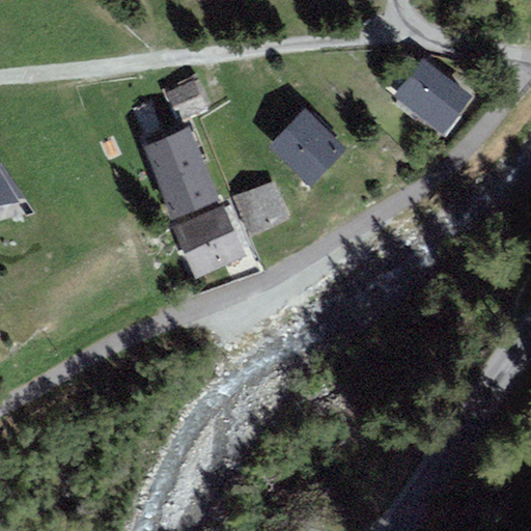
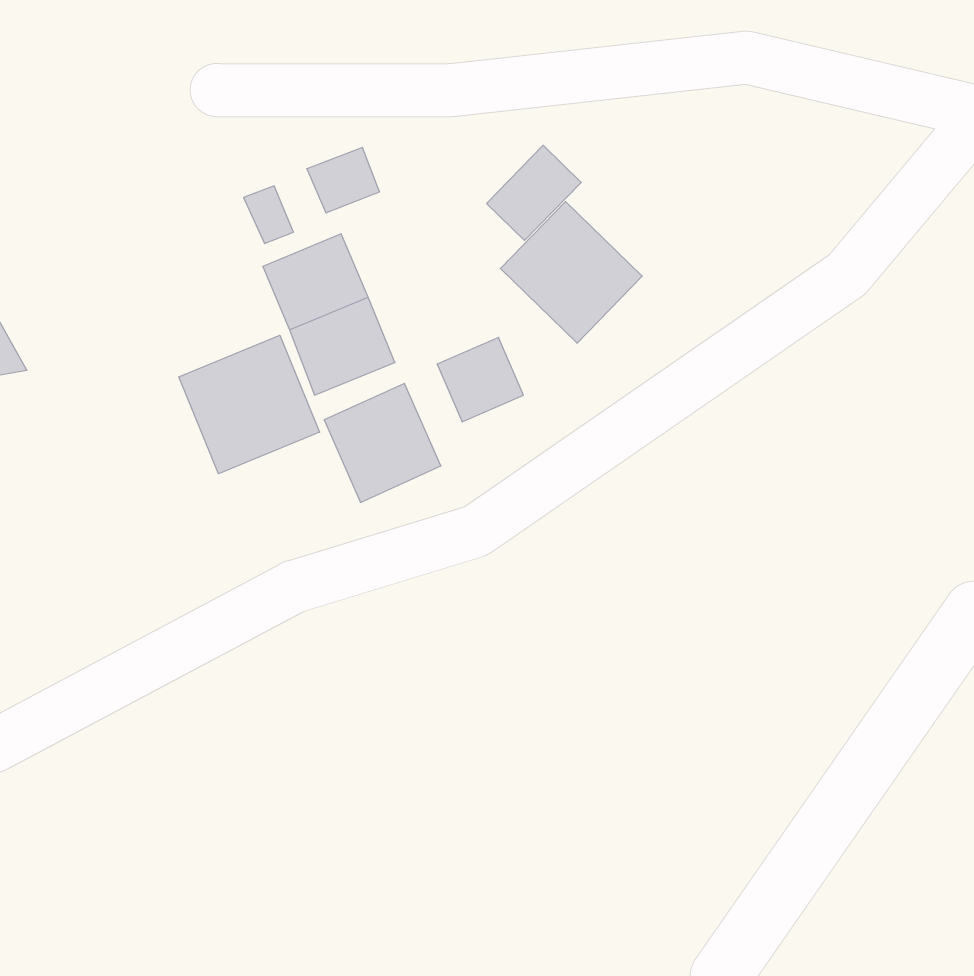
building: [396,59,474,134] -> none
building: none -> [487,145,581,241]
building: none -> [179,335,320,474]

